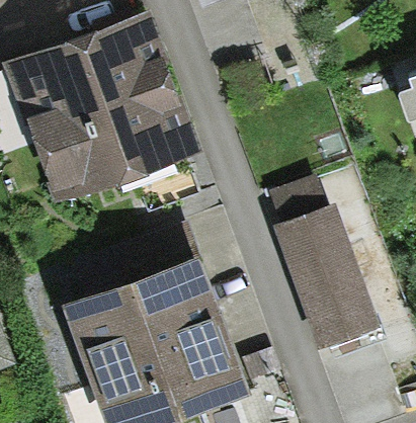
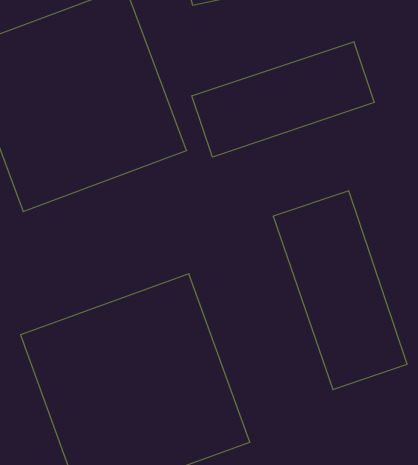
building: none -> [192,42,374,157]

